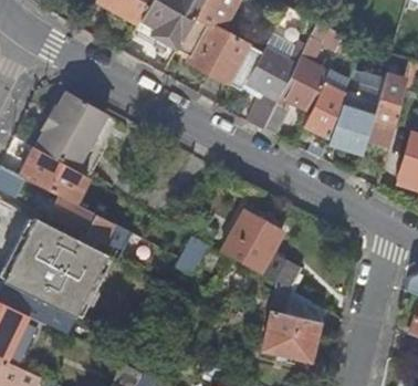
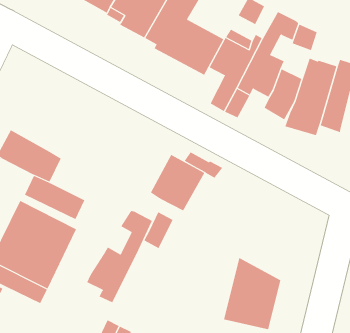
building: [35,90,109,170] -> none
building: [224,211,283,272] -> [150,154,205,211]
building: none -> [87,210,153,303]

